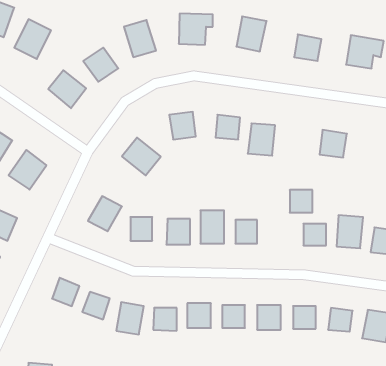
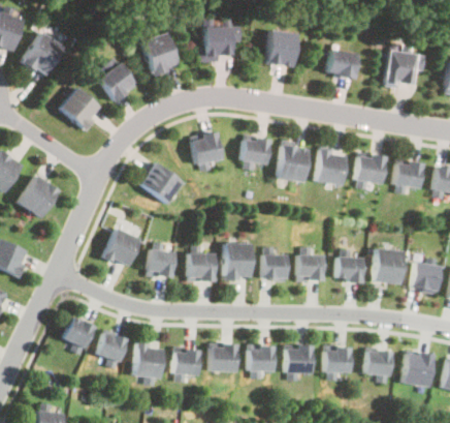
building: none -> [317,152,346,186]
building: none -> [394,162,423,191]
building: [290,190,312,213] -> [299,254,324,279]

